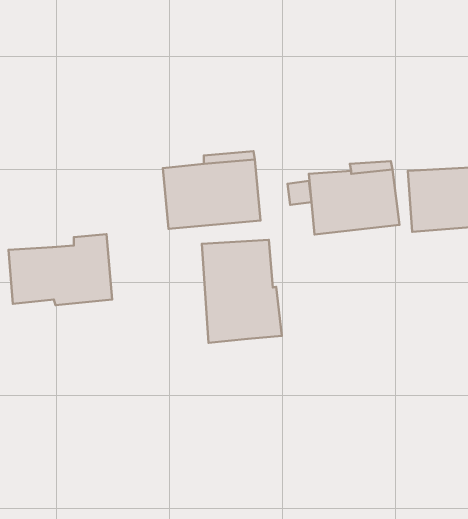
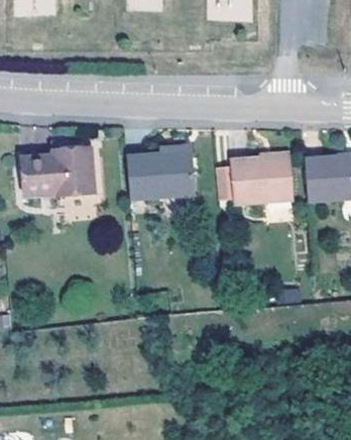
building: [9,234,112,305] -> [20,148,94,199]
building: [202,240,282,343] -> none

